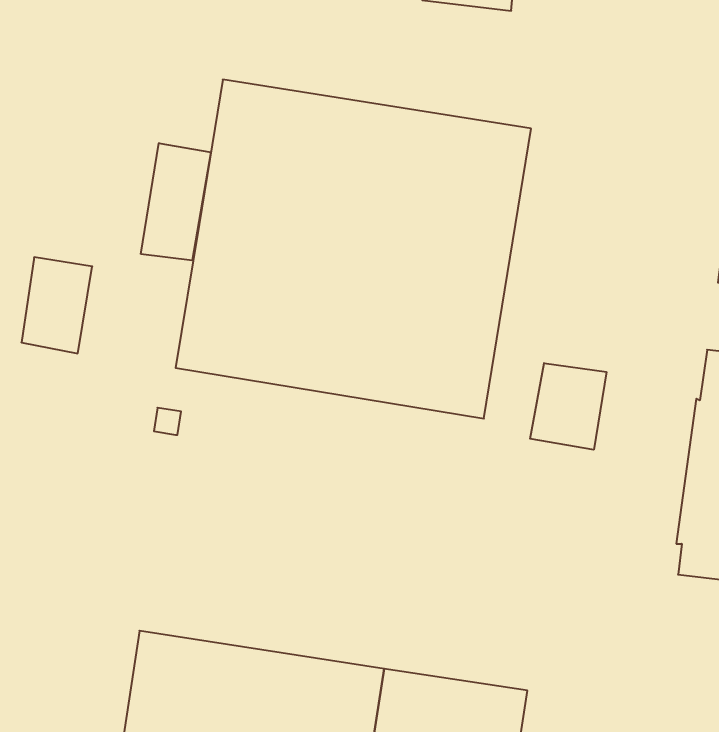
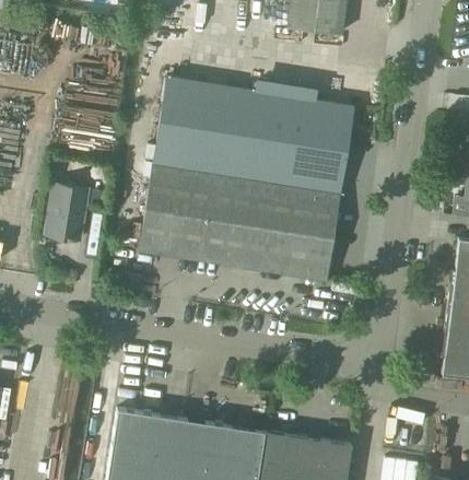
building: [141,143,211,260] -> none
building: [530,363,606,450] -> none

